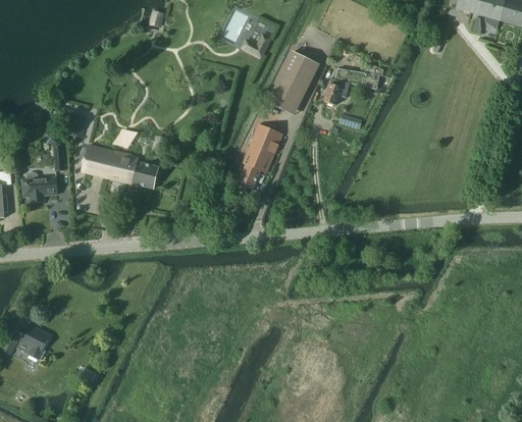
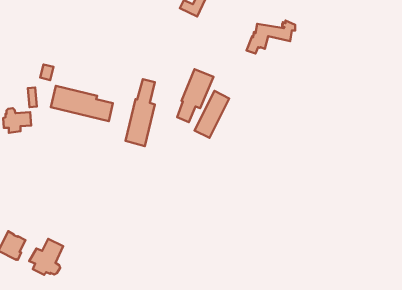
building: [267,51,310,109] -> [195,91,229,138]
building: none -> [125,79,155,146]
building: none -> [29,239,63,275]

